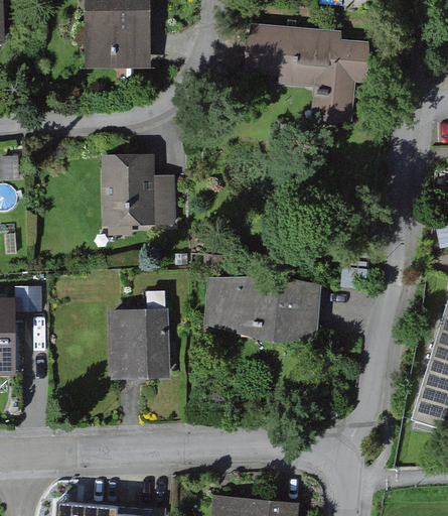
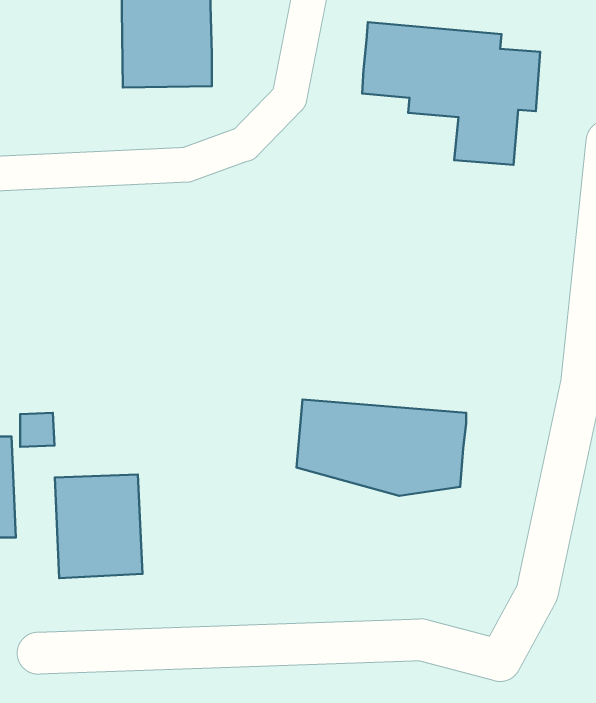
building: [103,156,174,225] -> none
building: [111,312,170,383] -> [55,474,142,578]

